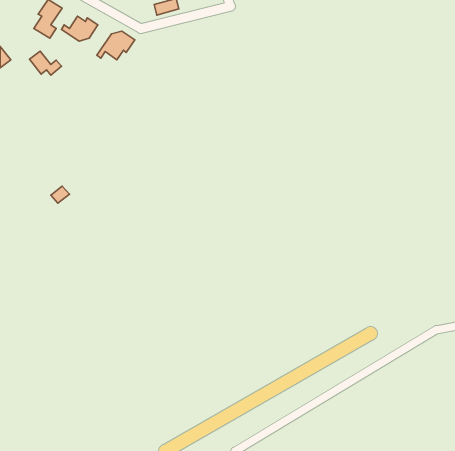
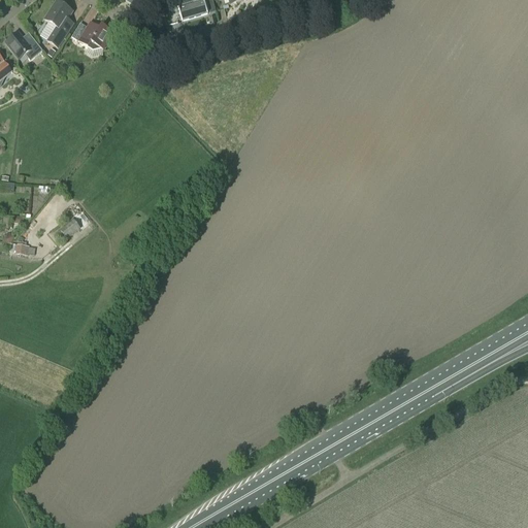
building: [97,31,135,60] -> none
building: [30,51,62,75] -> [5,30,42,58]

